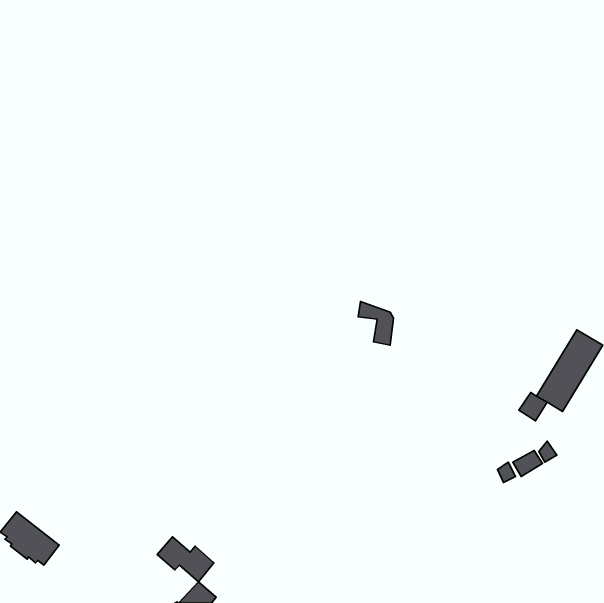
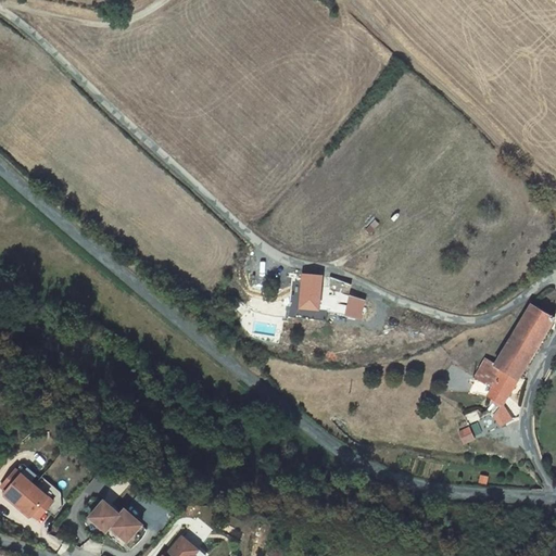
building: none -> [300,273,324,311]
building: none -> [485,369,517,405]
building: [157,537,214,582] -> [90,502,142,543]

